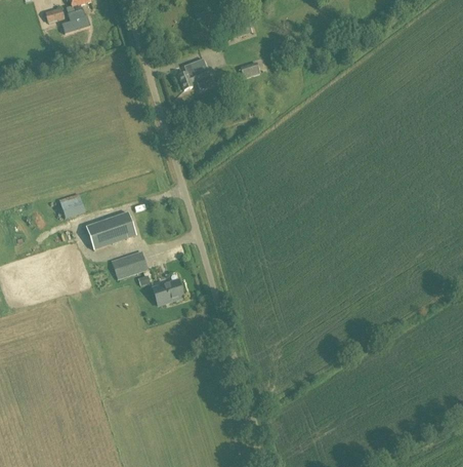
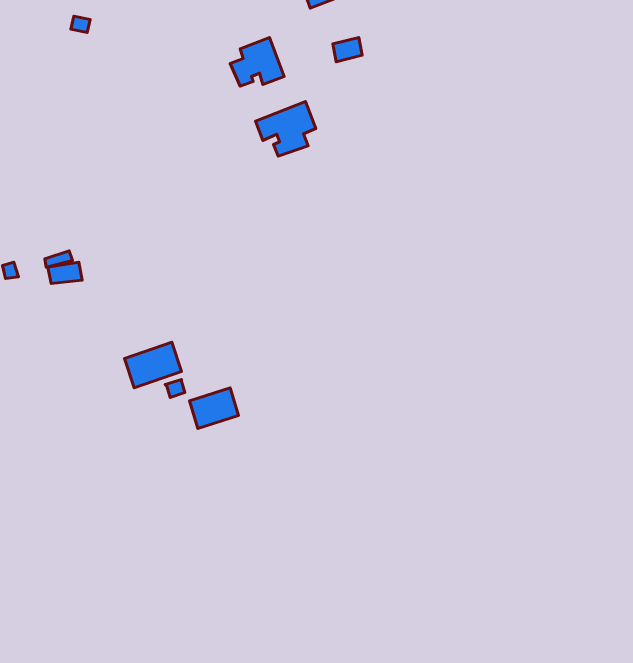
building: none -> [255,102,316,156]
building: [86,211,135,249] -> none

